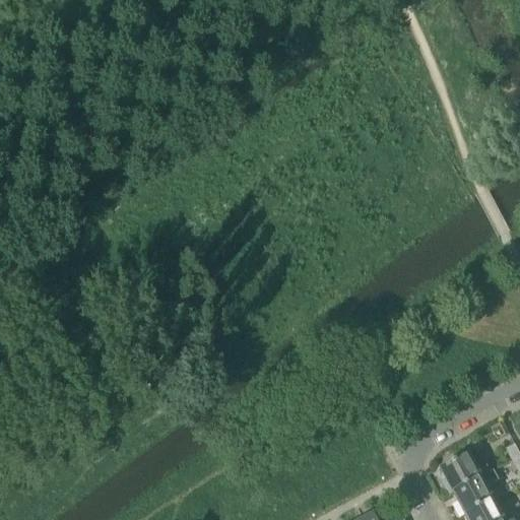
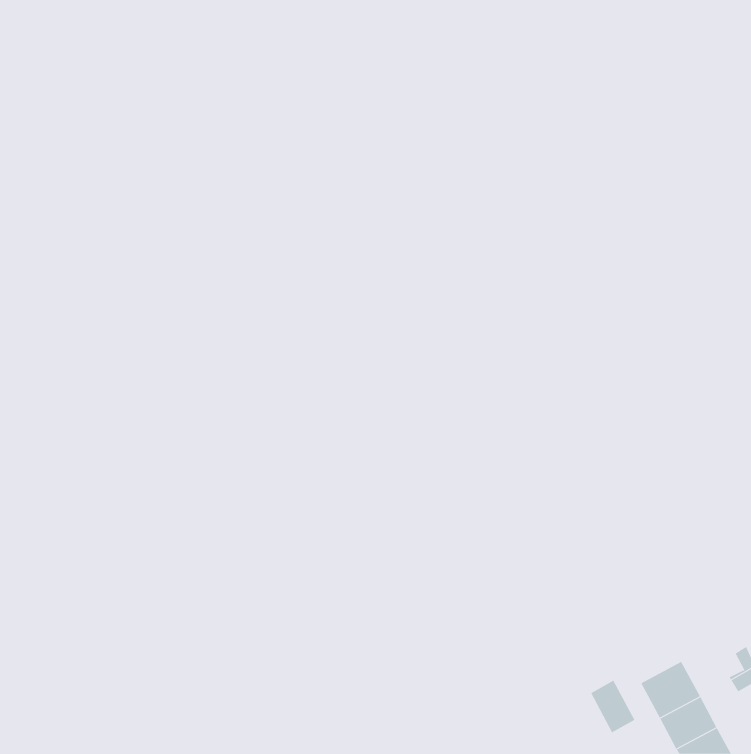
building: none -> [590,680,635,733]

